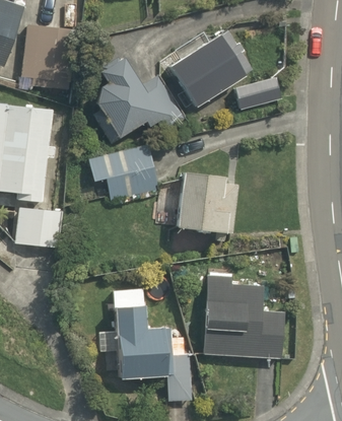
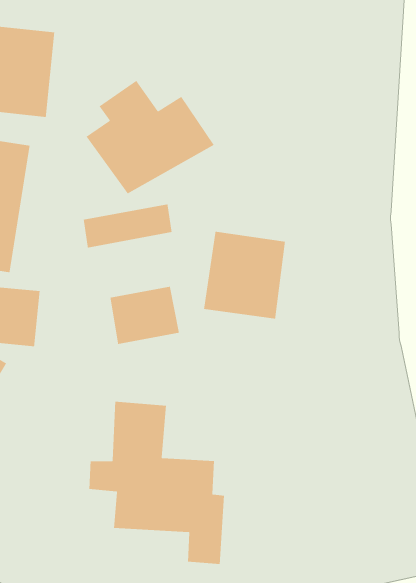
building: [169,30,284,115] -> none
building: none -> [109,286,180,345]
building: [203,274,287,358] -> none

